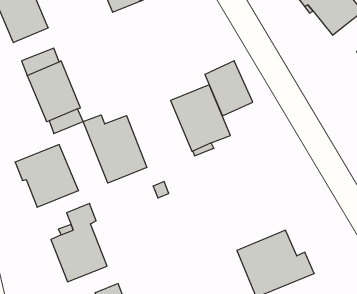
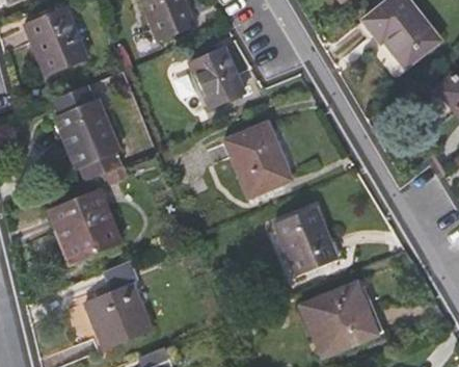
building: [205,61,253,116] -> [190,47,244,109]
building: [83,115,147,183] -> none
building: none -> [274,207,338,277]

